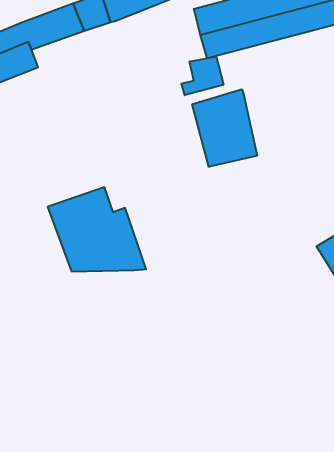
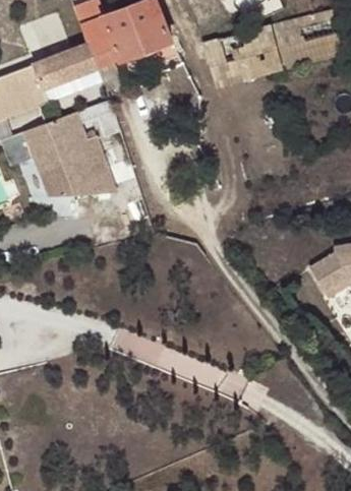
building: [181,57,223,95] -> none
building: [192,89,257,167] -> none
building: [48,187,146,271] -> [27,118,119,196]

